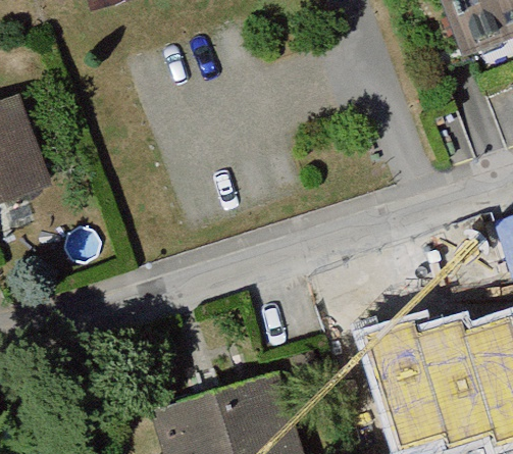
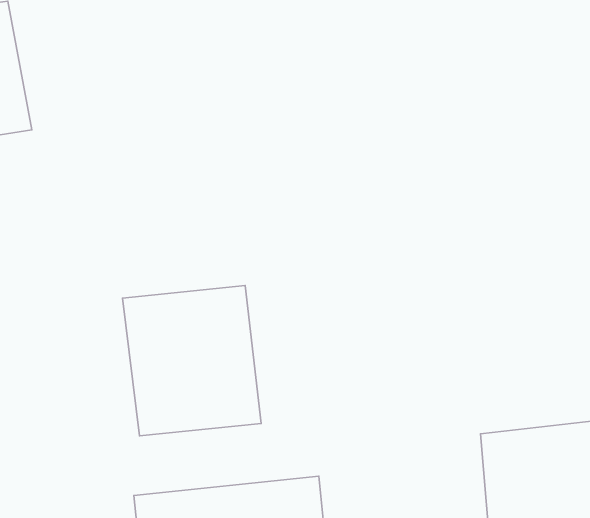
building: none -> [122,285,261,436]

